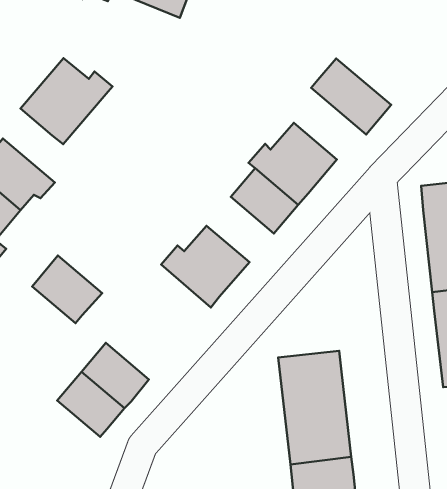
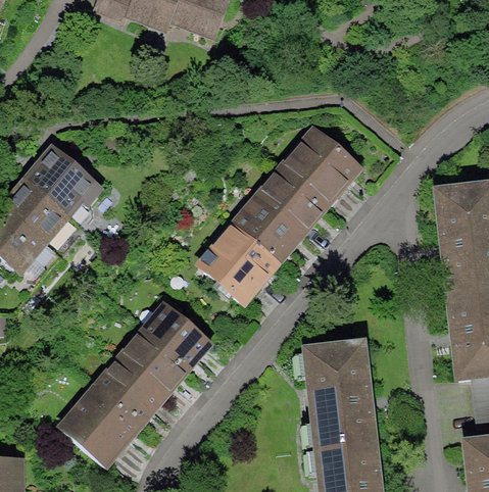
building: [21,58,113,144] -> none
building: [311,58,391,134] -> none
building: none -> [240,201,302,261]
building: [32,256,102,323] -> [147,307,211,370]
building: none -> [60,389,142,465]

